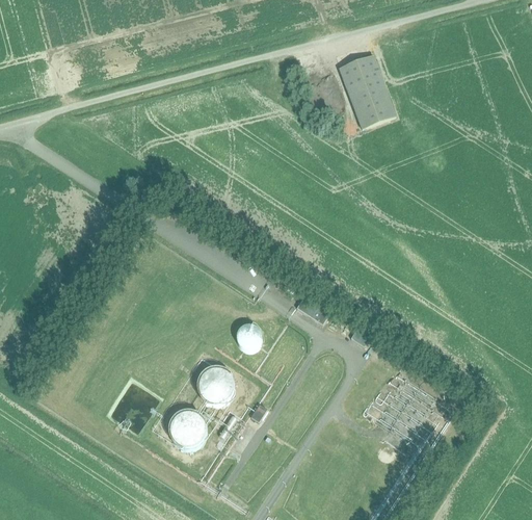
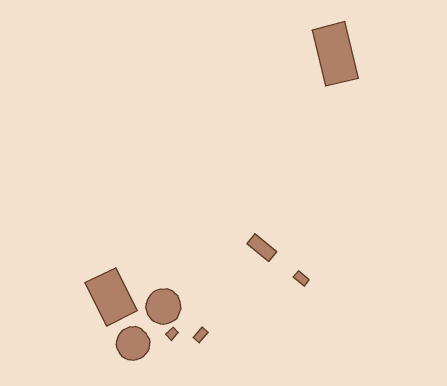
building: [236,323,261,347] -> none
building: none -> [85,268,137,326]

